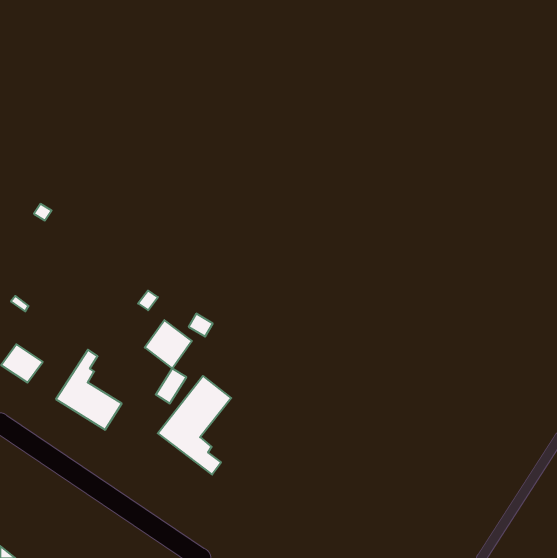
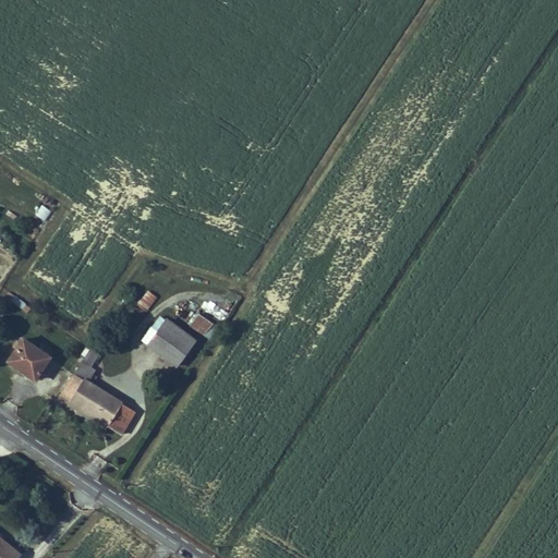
building: [156,368,186,403] -> [108,401,138,436]
building: [158,376,231,475] -> none

